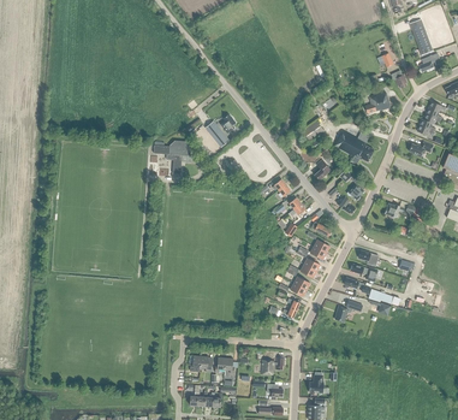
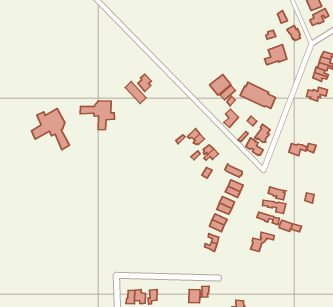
building: none -> [31,108,69,150]

